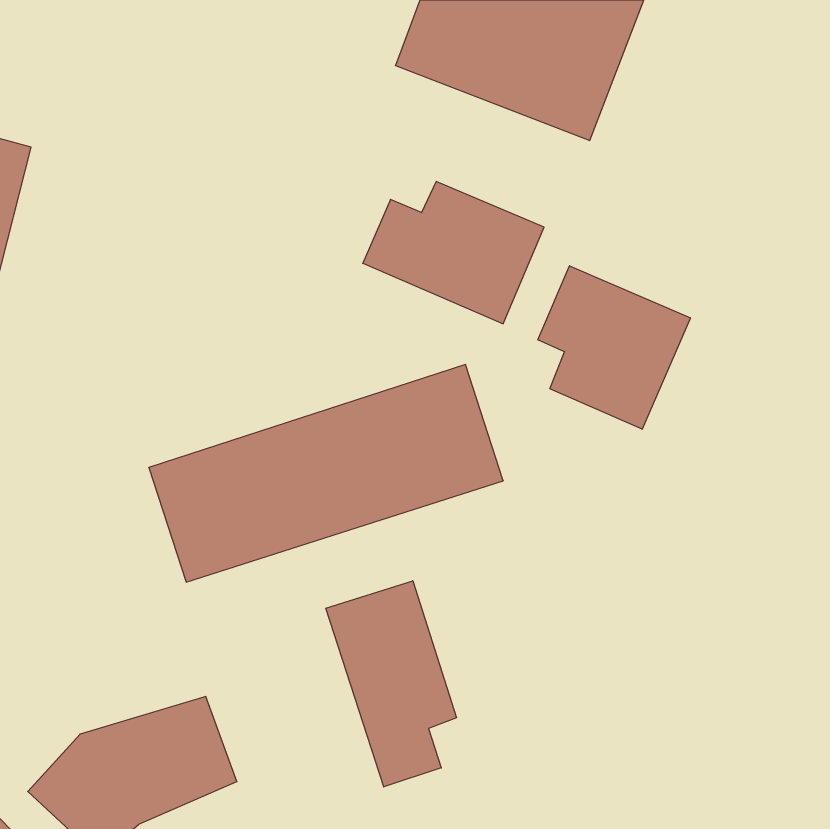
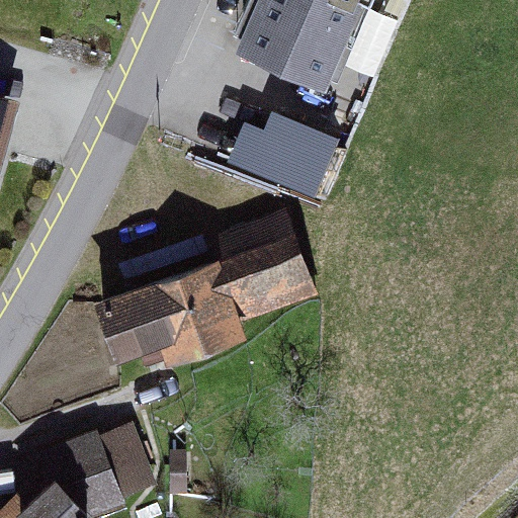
building: [538,266,691,429] -> none
building: [326,581,457,787] -> none

